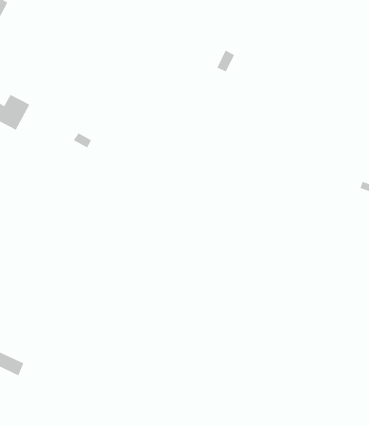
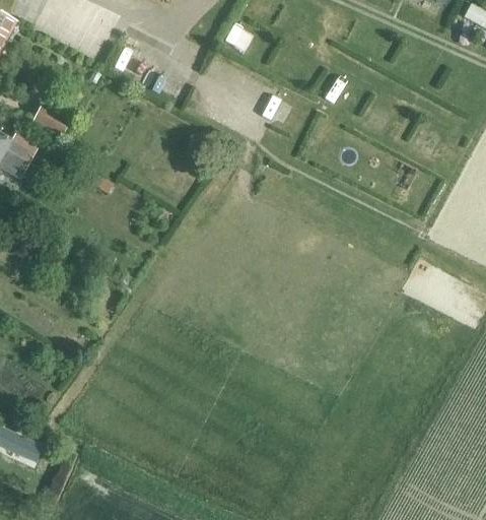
building: none -> [31,105,69,138]

